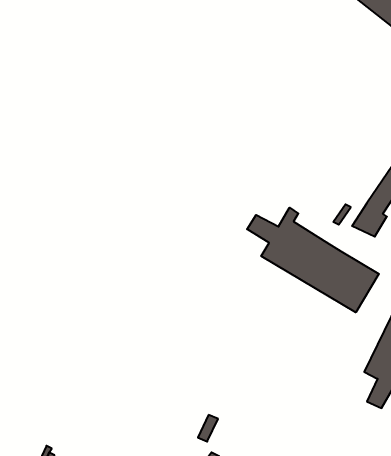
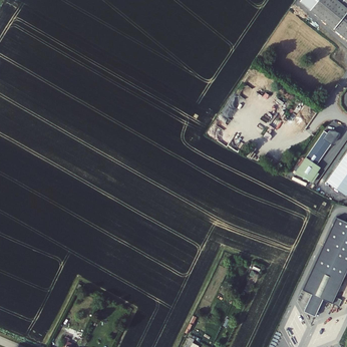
building: [247,208,379,312] -> none

